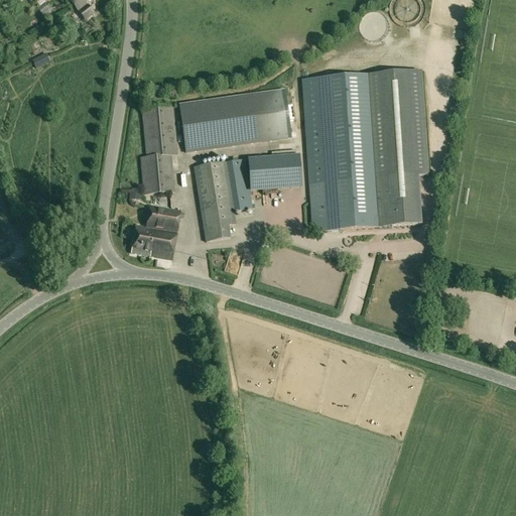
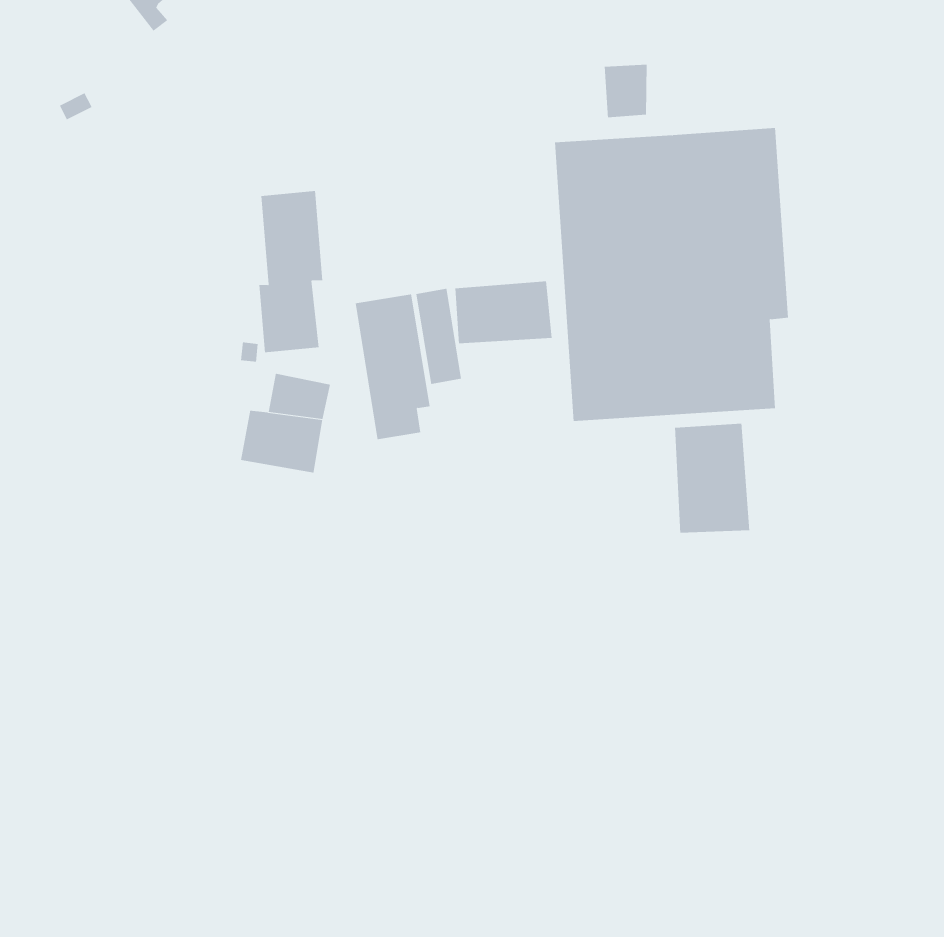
building: none -> [604,64,647,118]
building: [179,88,290,150] -> none
building: none -> [674,423,750,534]

